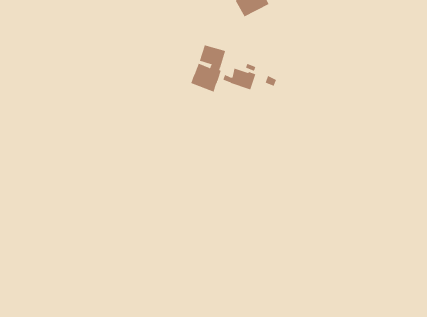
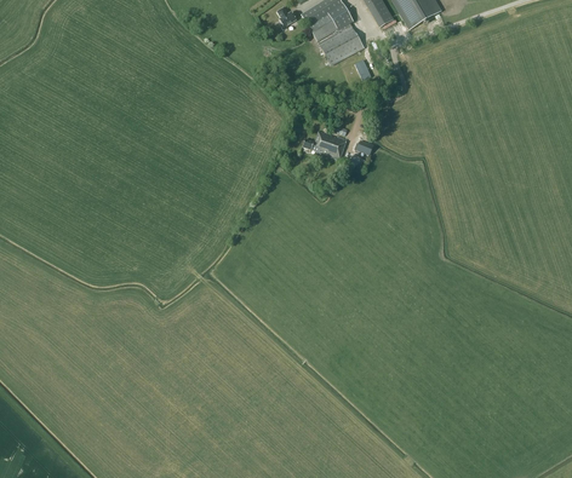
building: [191,45,226,92] -> none

